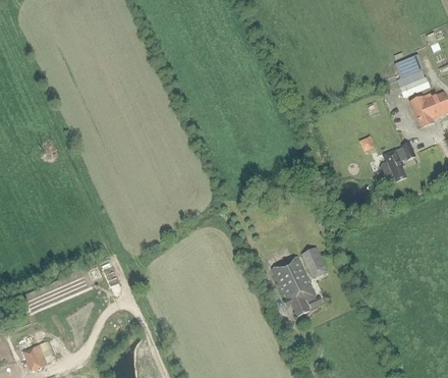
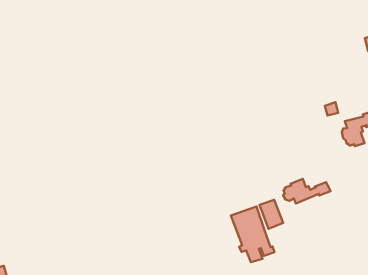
building: none -> [283,179,330,204]

